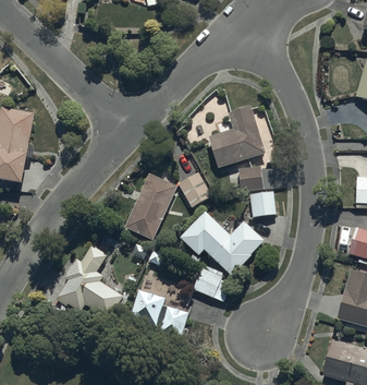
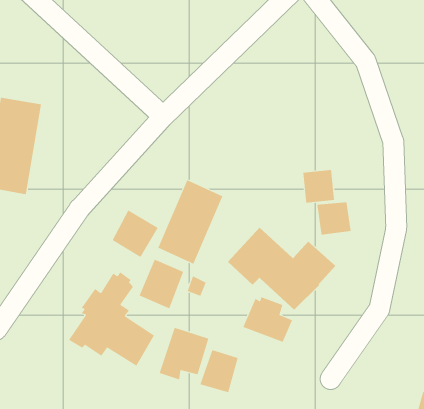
building: [206,106,267,170] -> none
building: [178,171,211,206] -> none
building: none -> [112,210,158,258]
building: none -> [139,259,184,309]

